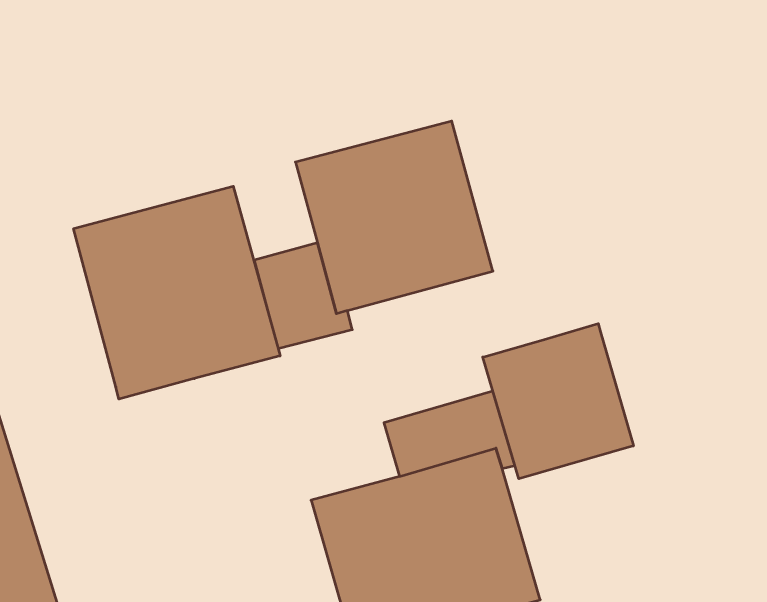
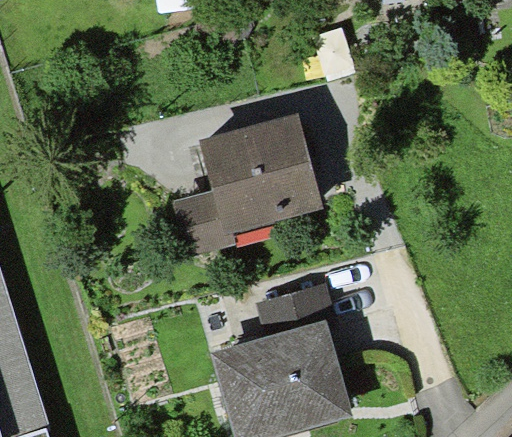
building: [74,186,280,399] -> none
building: [483,324,633,479] -> none

